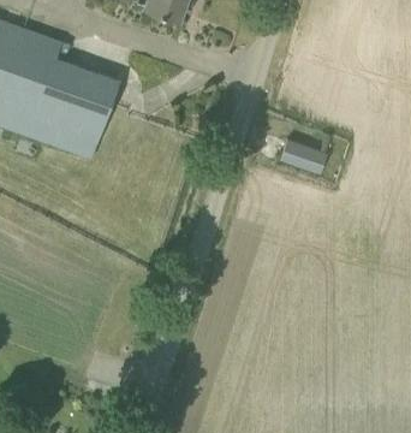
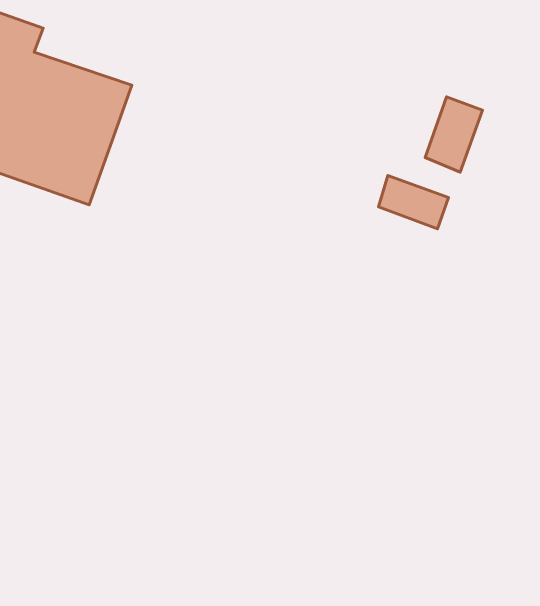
building: none -> [425,97,483,172]

